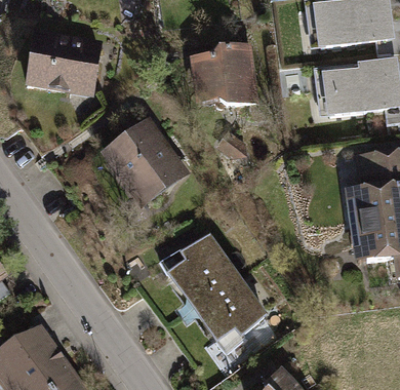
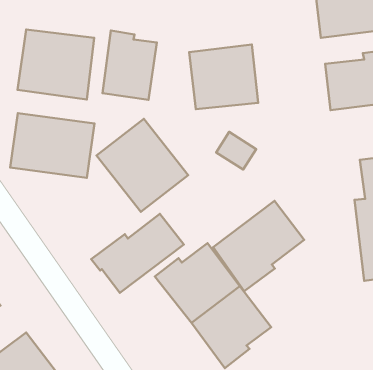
building: none -> [103,31,157,100]
building: none -> [10,113,95,178]
building: none -> [213,201,304,291]
building: none -> [91,214,184,293]

